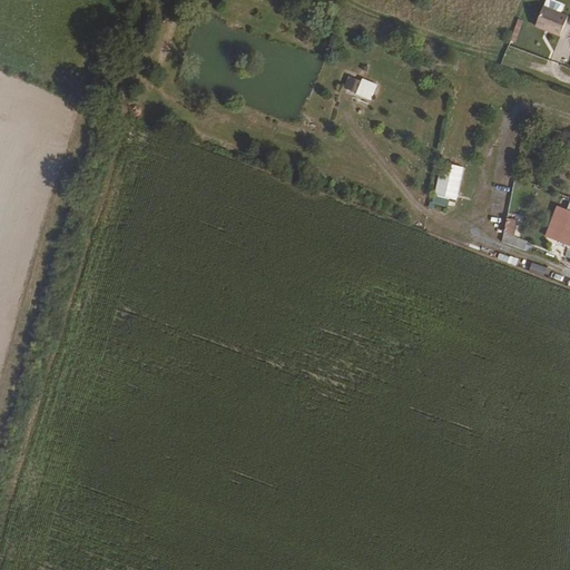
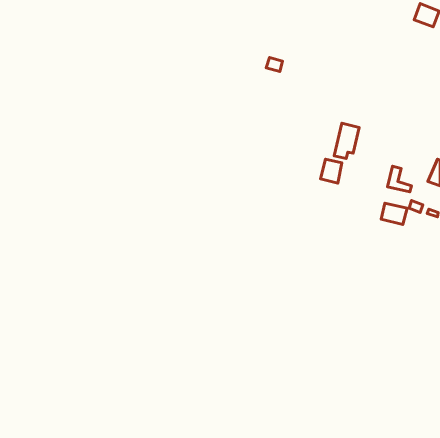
building: none -> [321,159,342,183]
building: none -> [381,203,407,225]

